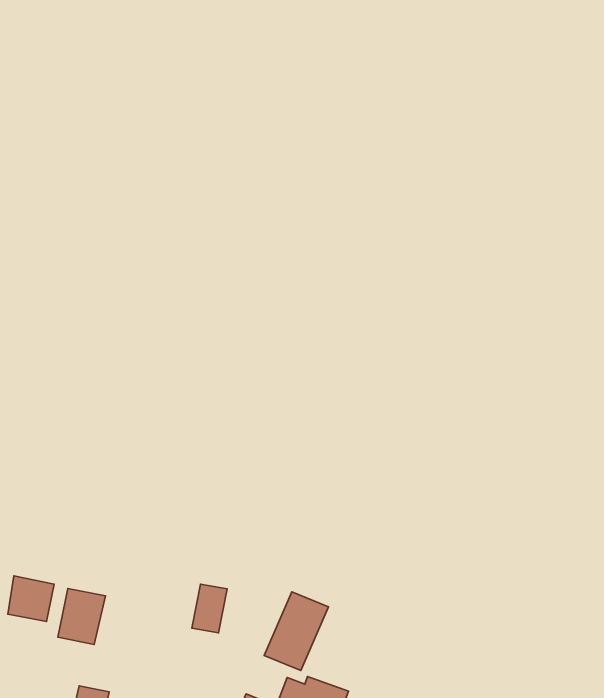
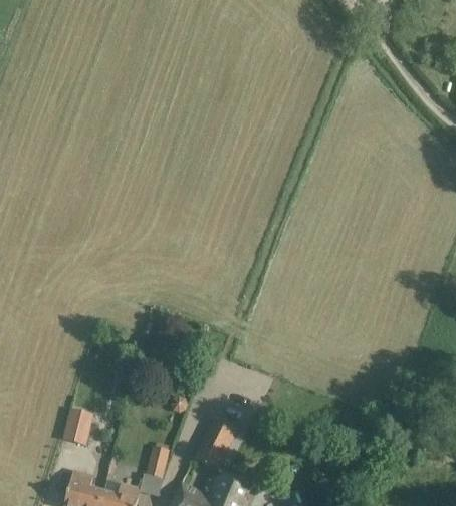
building: [8,576,54,622] -> none
building: [192,584,227,633] -> [148,449,172,481]

